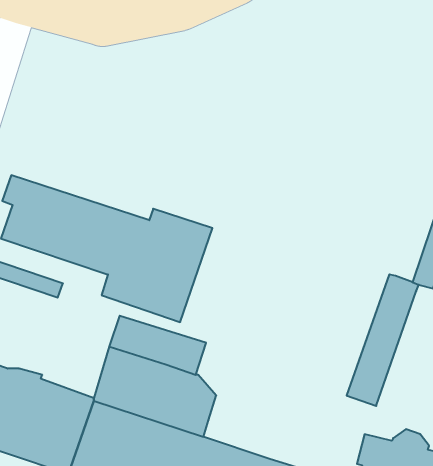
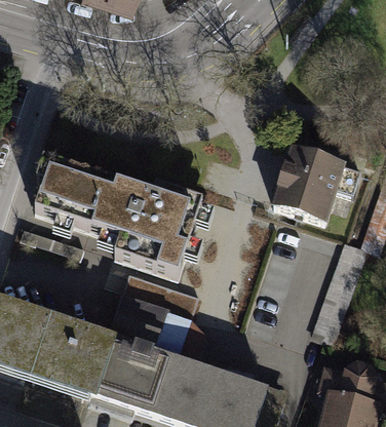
building: none -> [272,146,358,220]

